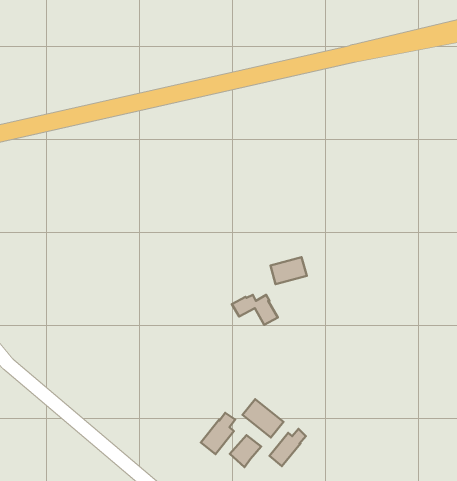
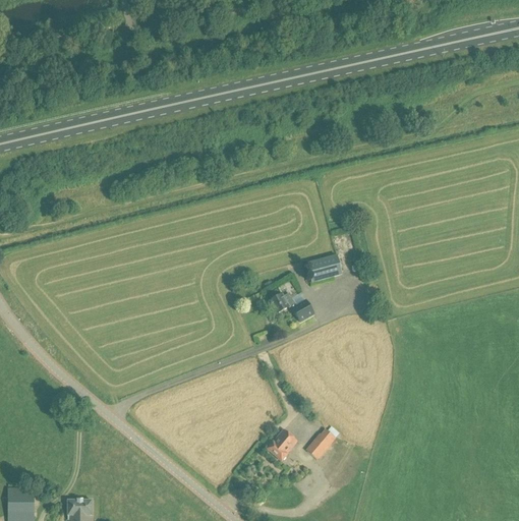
building: [243,399,284,437] -> none
building: [201,413,235,454] -> none

